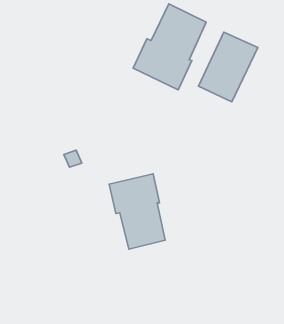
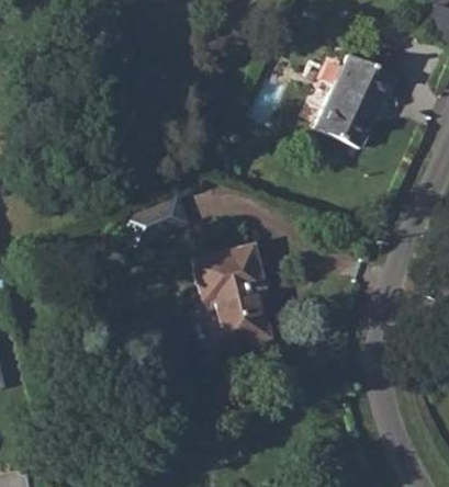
building: [133,4,206,90] -> none

